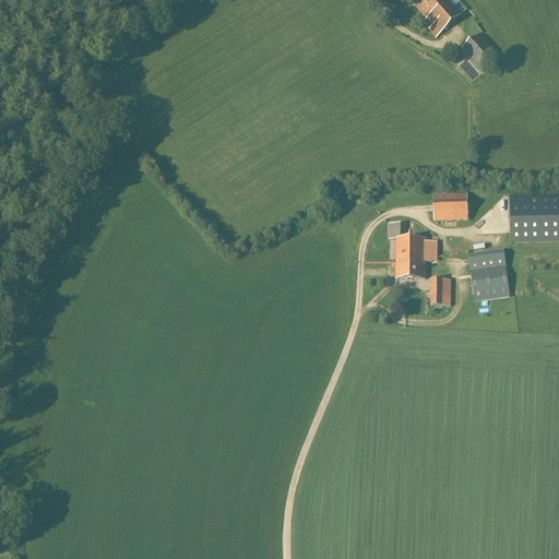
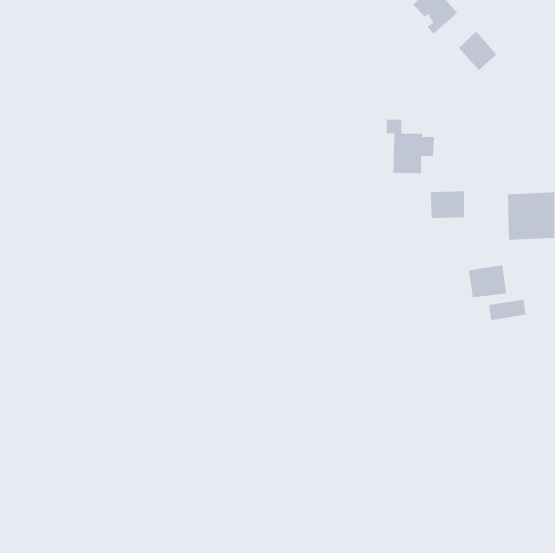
building: [388,222,437,277] -> [386,119,435,174]
building: [466,248,504,270] -> [488,299,526,321]
building: [429,277,450,305] -> none

